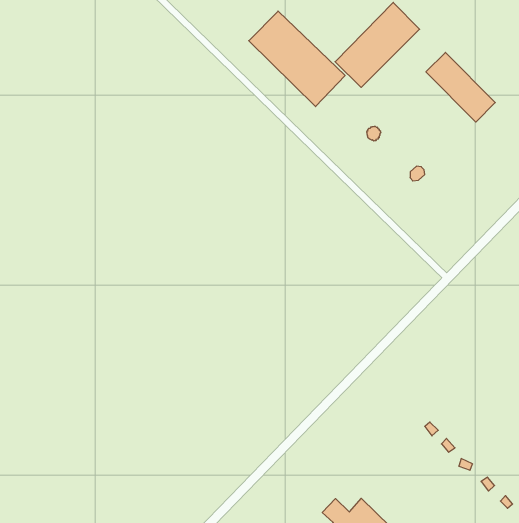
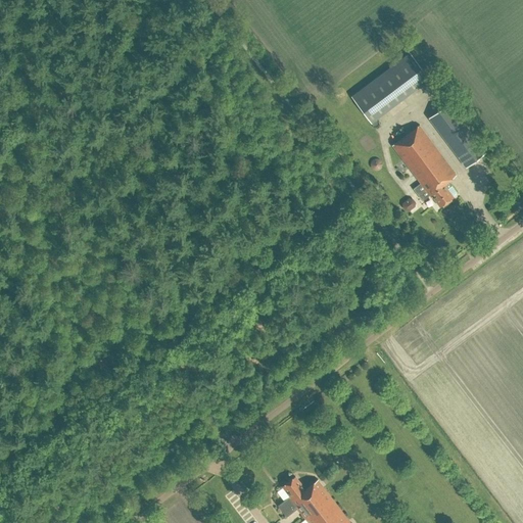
building: [249,11,345,107] -> none
building: none -> [392,127,456,207]

